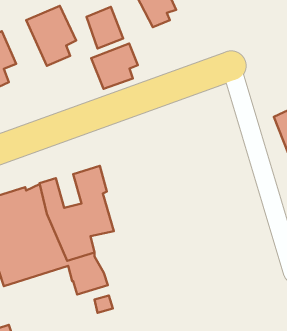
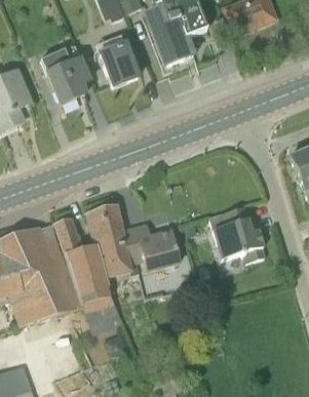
building: [91,43,138,89] -> none
building: none -> [207,205,265,263]
building: none -> [118,224,180,270]

